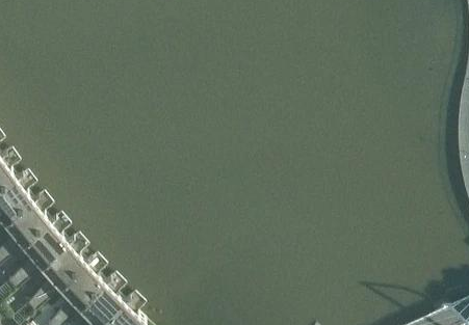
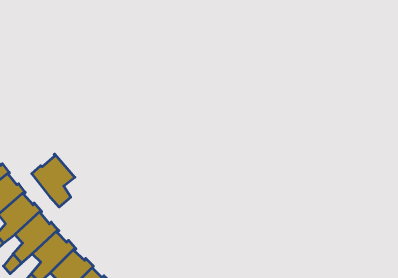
building: none -> [32,154,75,207]

